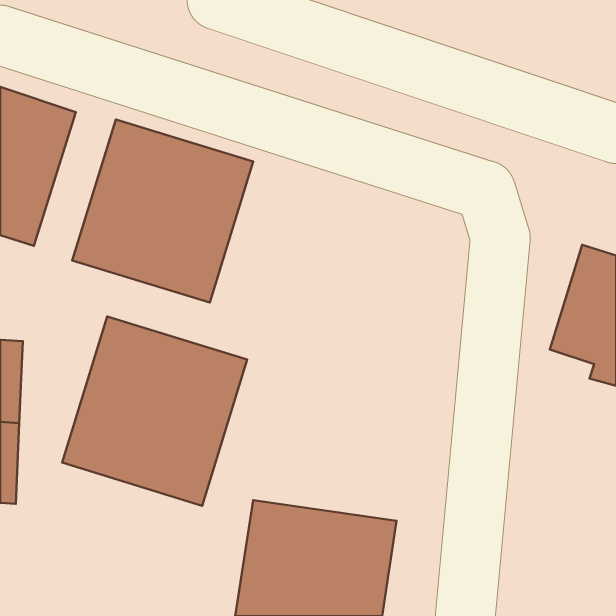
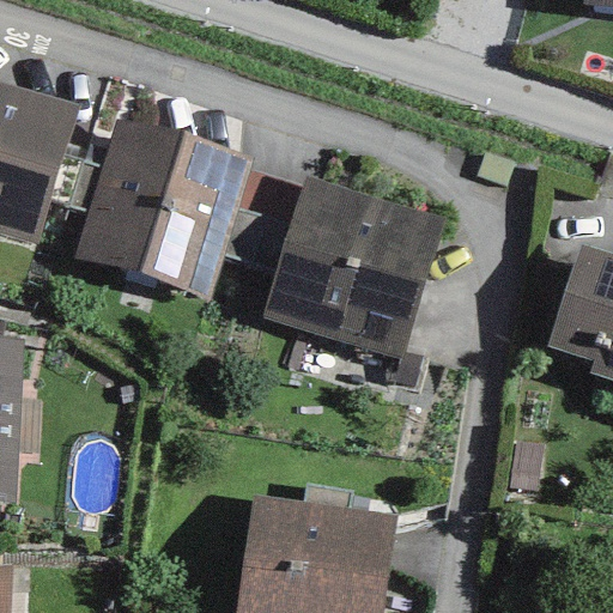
building: none -> [261,177,442,357]
building: [62,316,247,506] -> none

